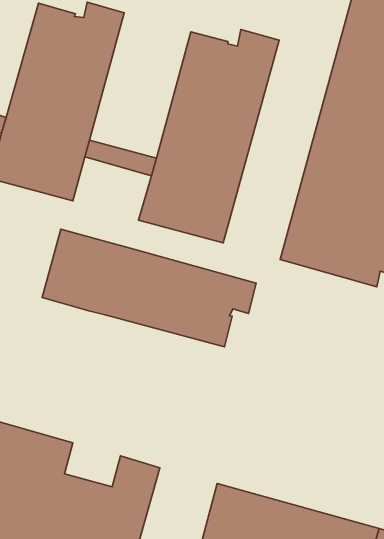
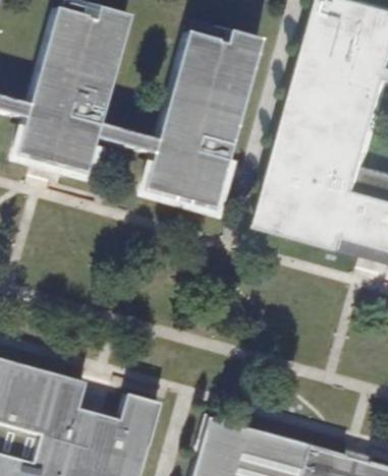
building: [42,229,256,347] -> none

